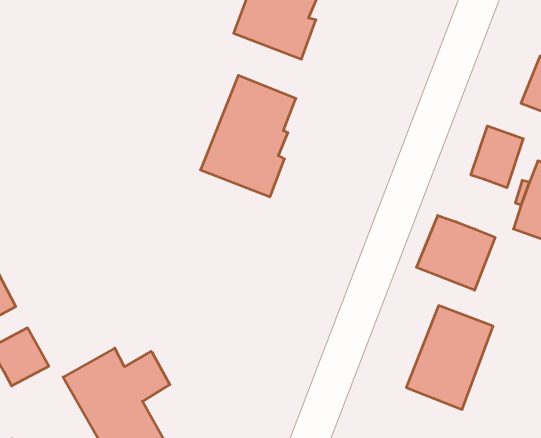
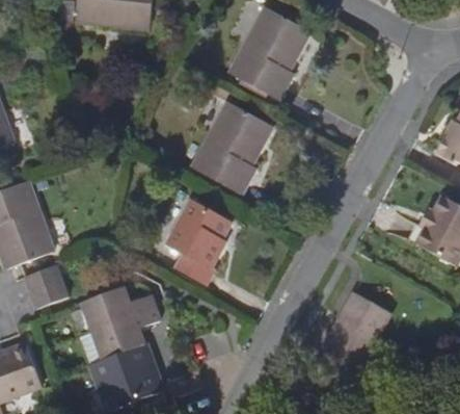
building: [471,126,523,188] -> none
building: none -> [169,200,233,284]
building: [416,215,495,290] -> none

